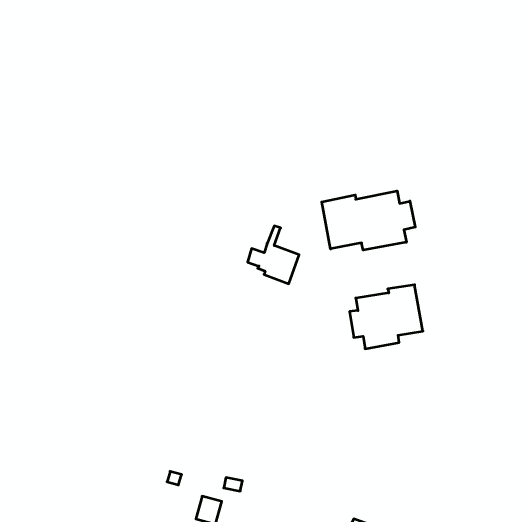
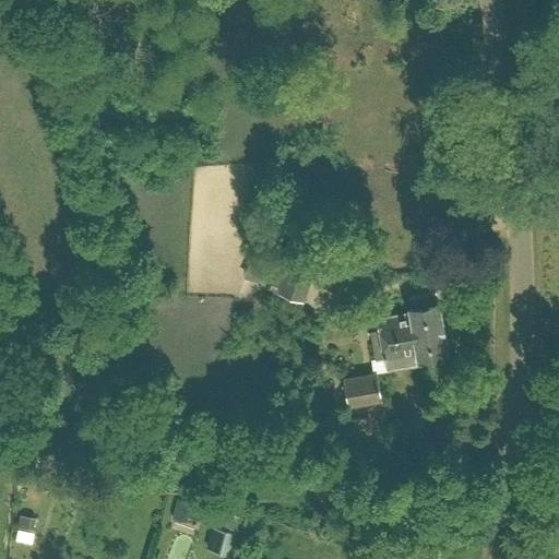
building: [322,191,415,250] -> none
building: none -> [345,378,382,411]

